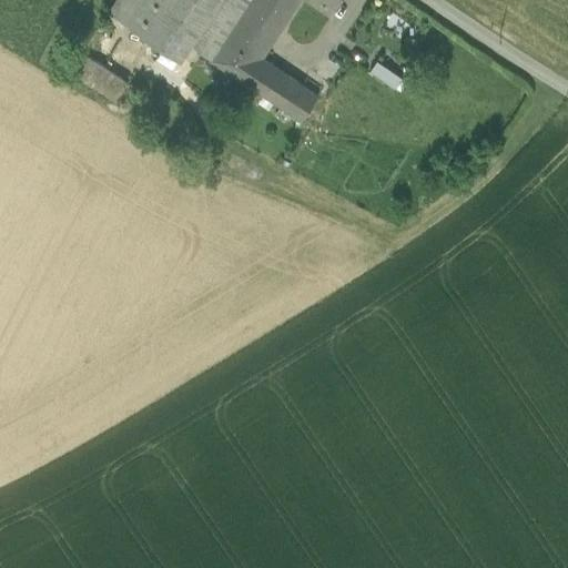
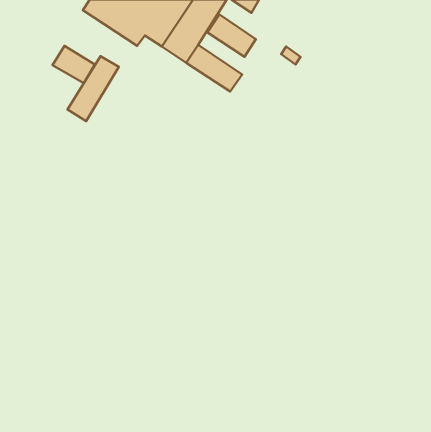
building: none -> [208,15,256,57]
building: none -> [67,56,119,121]

